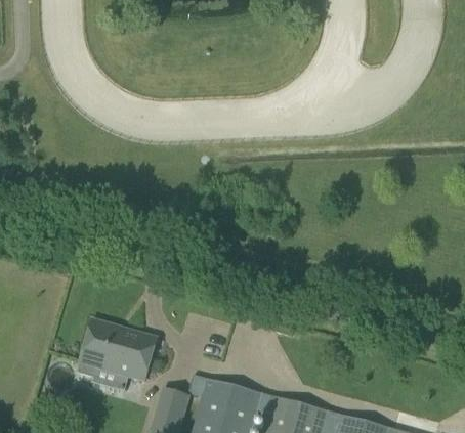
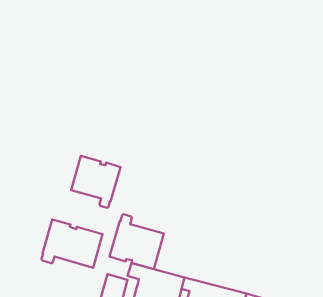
building: none -> [71,156,120,208]
building: none -> [110,214,164,269]

